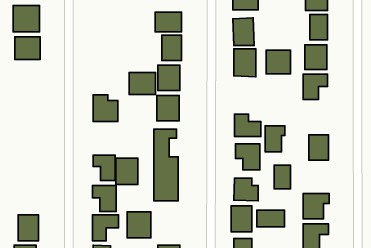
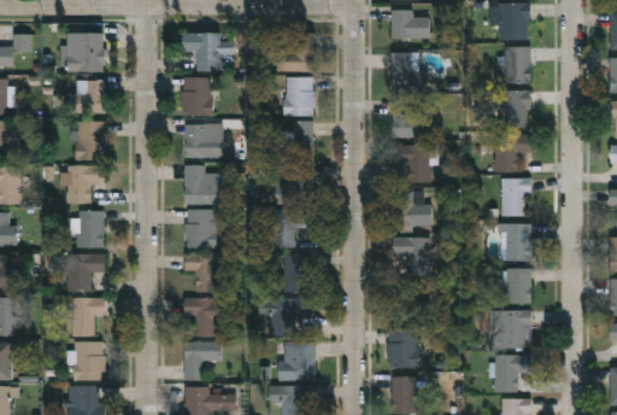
building: none -> [183,34,234,70]
building: none -> [182,77,212,116]
building: [266,50,291,74] -> [394,146,430,181]
building: none -> [76,122,106,160]
building: [129,72,155,94] -> [184,124,223,157]
building: none -> [67,166,104,204]
building: [265,126,285,152] -> [501,179,530,217]
building: none -> [76,212,104,249]
building: none -> [67,255,104,292]
building: [116,158,138,184] -> [186,210,218,249]
building: [274,165,291,189] -> [506,269,530,304]
building: none -> [72,299,106,338]
building: [257,210,284,227] -> none
building: [127,212,151,238] -> [280,343,315,381]

